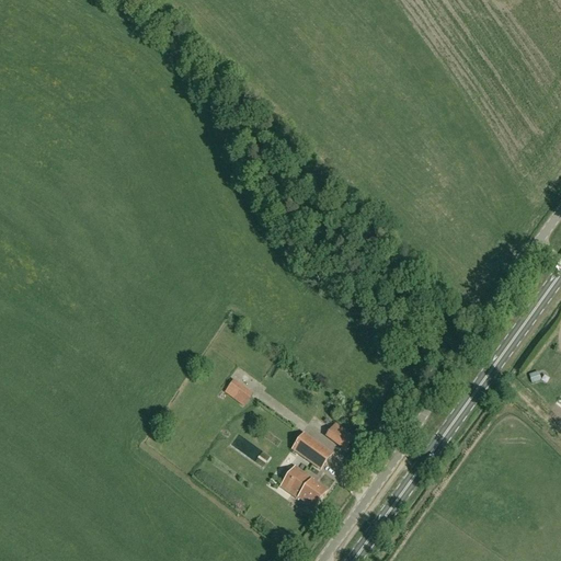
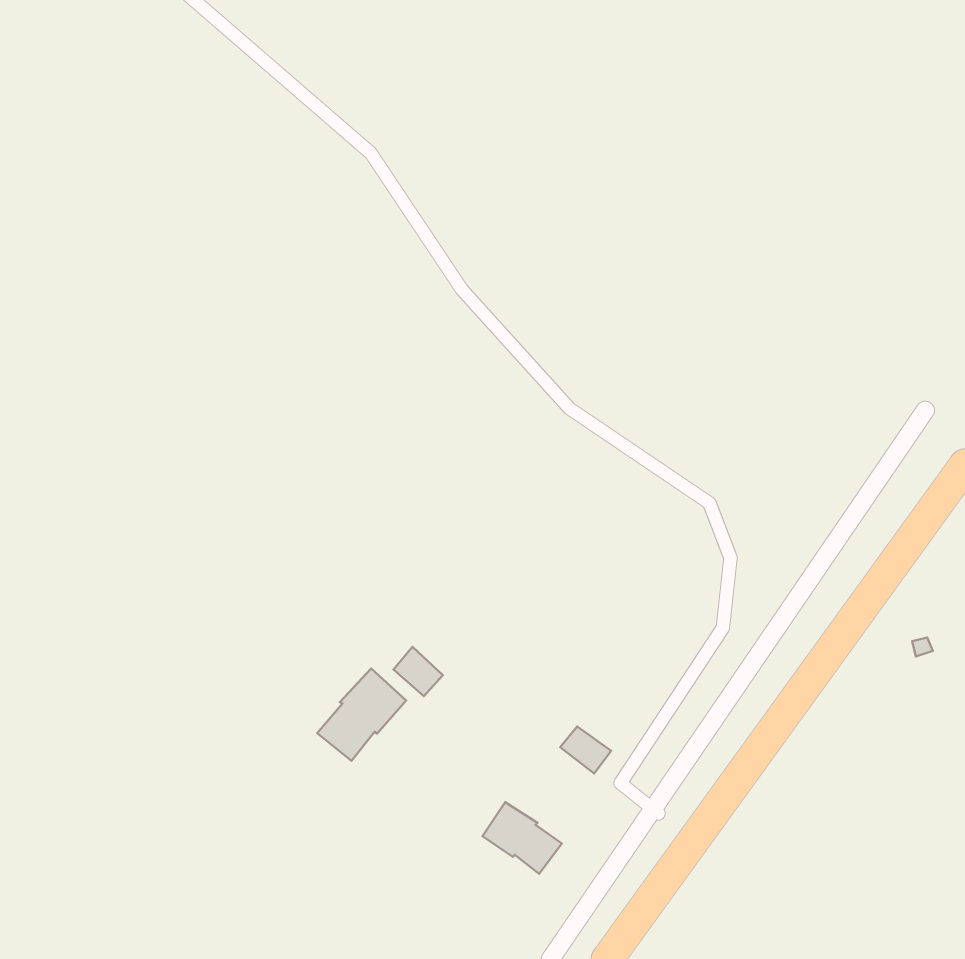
building: none -> [317,669,406,761]
building: [291,431,330,467] -> none

